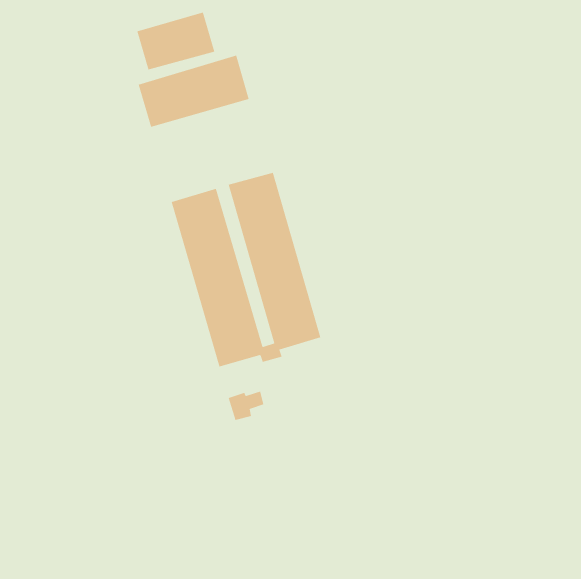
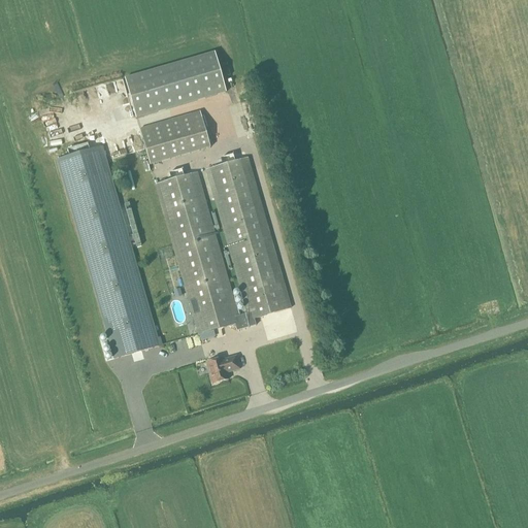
building: [136,12,215,70] -> [140,109,211,162]
building: none -> [58,144,160,357]

